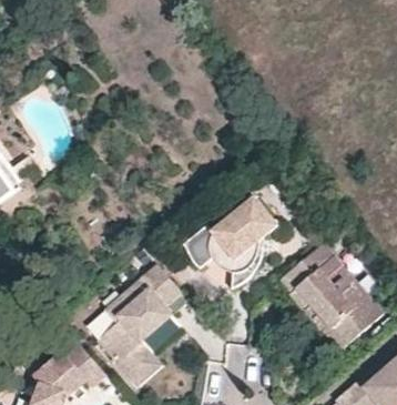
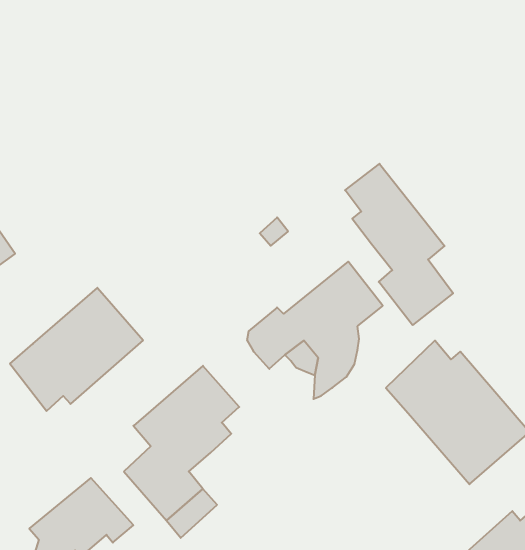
building: none -> [345,164,453,325]
building: none -> [10,288,143,411]

